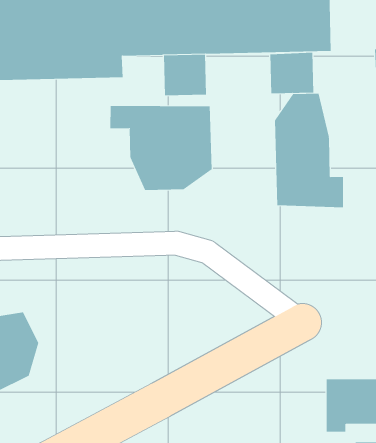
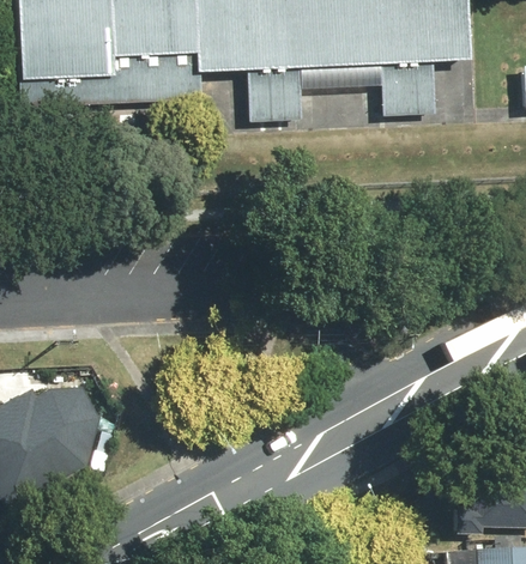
building: [274,93,344,208] -> none
building: [110,105,212,191] -> none

